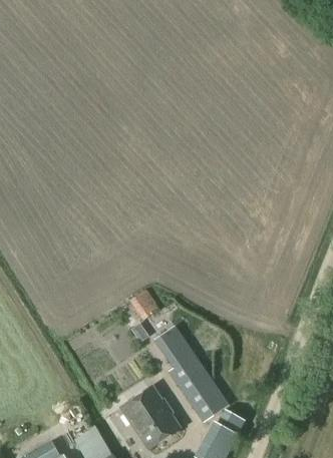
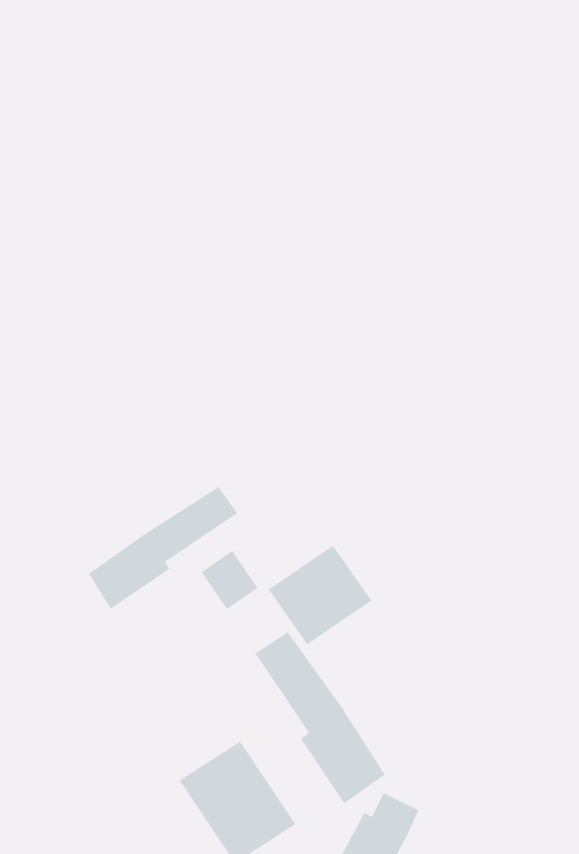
building: none -> [88,486,238,610]
building: none -> [268,545,372,645]

